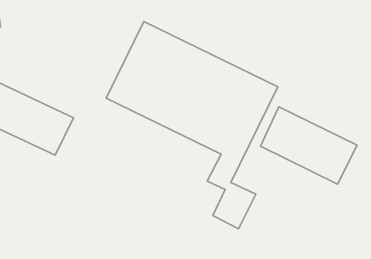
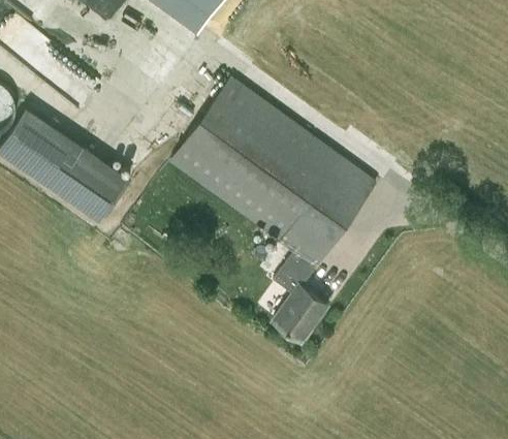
building: [261,107,357,184] -> none

